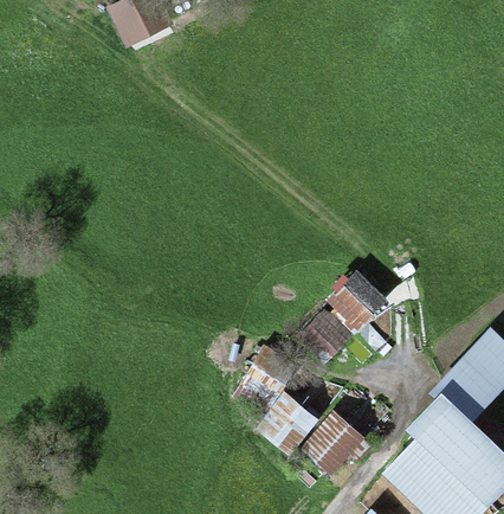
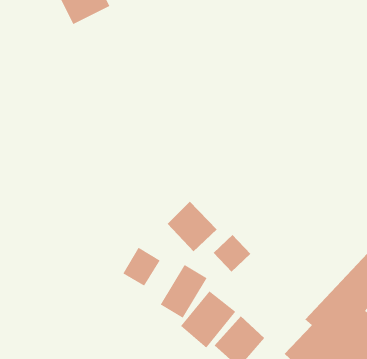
building: none -> [167,201,218,252]
building: [329,269,386,326] -> none
building: none -> [123,247,160,286]

